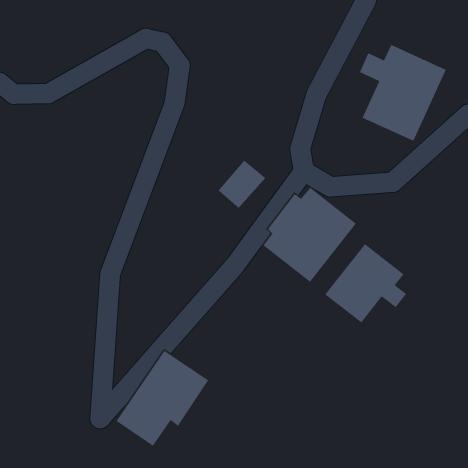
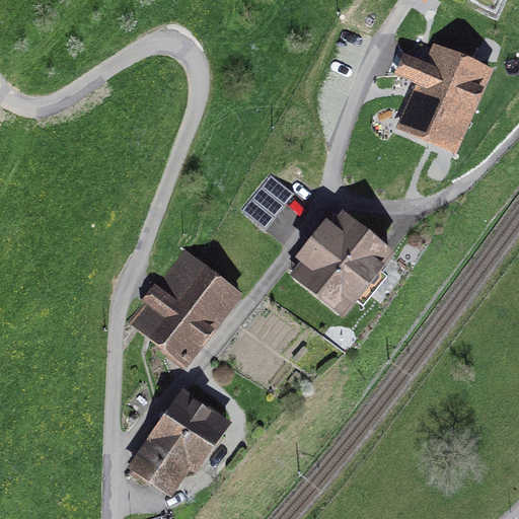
building: none -> [129,249,242,369]
building: [324,243,407,324] -> none

